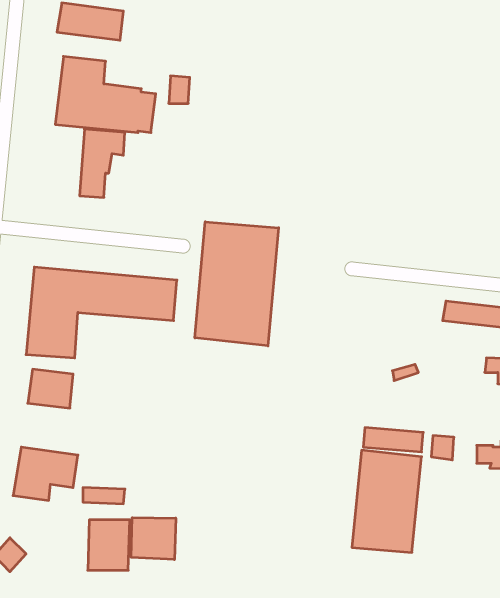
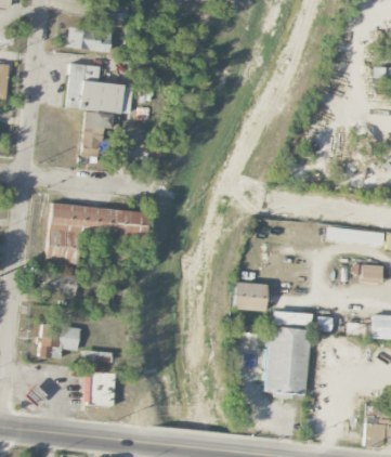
building: [195,222,279,346] -> none
building: none -> [232,283,268,311]
building: [131,518,176,560] -> none

